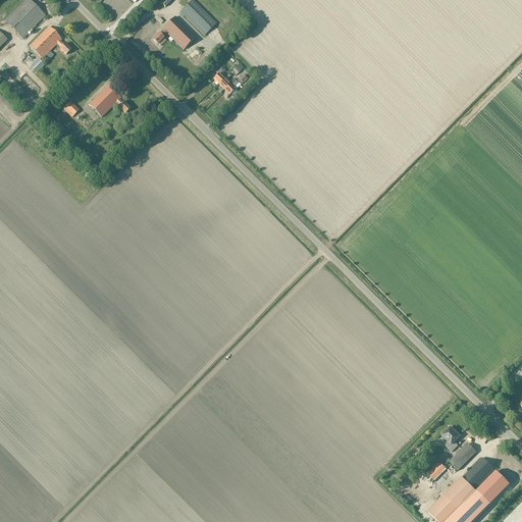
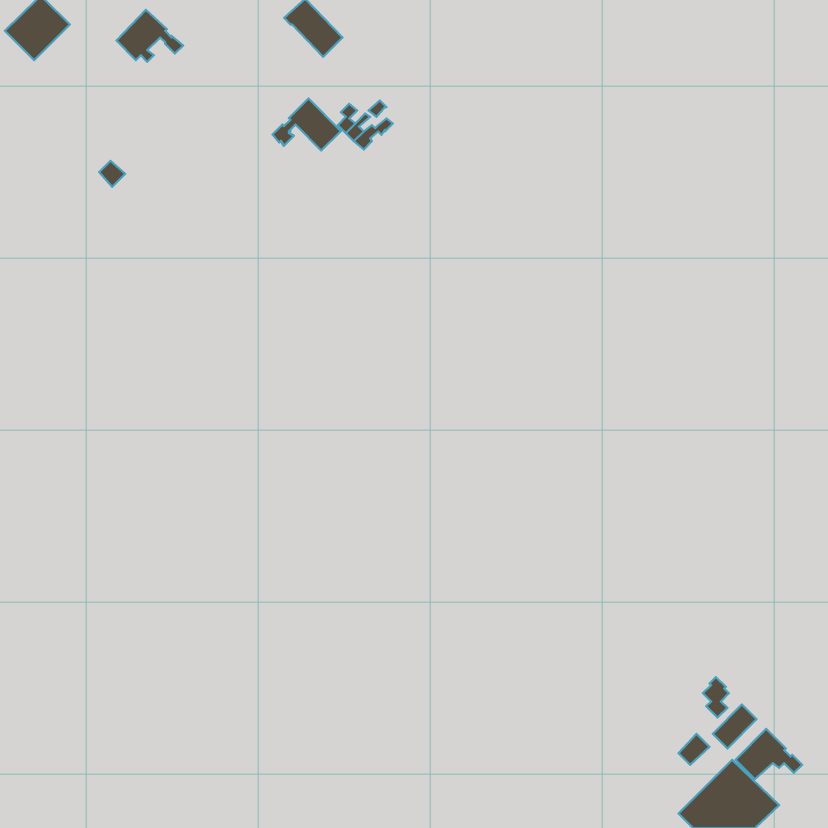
building: [152,16,195,49] -> [273,99,341,151]
building: [29,27,70,59] -> [116,10,183,62]
building: [88,85,129,117] -> none

